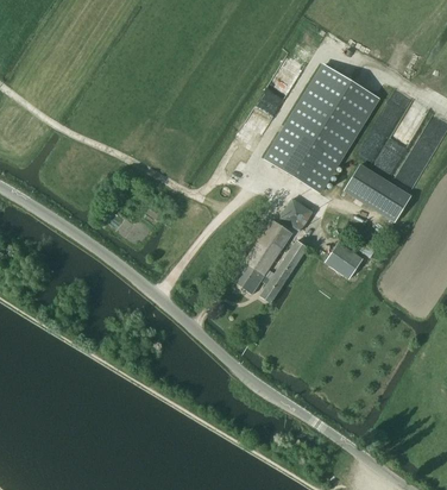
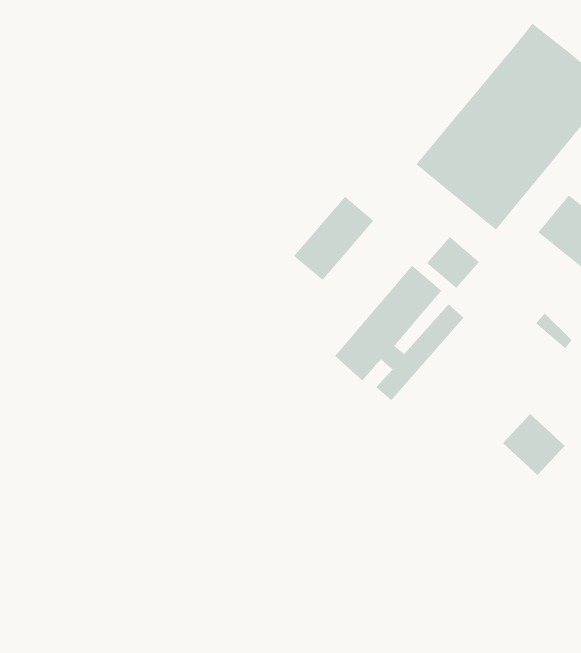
building: none -> [293,196,374,281]
building: [326,241,364,278] -> [502,413,565,476]

